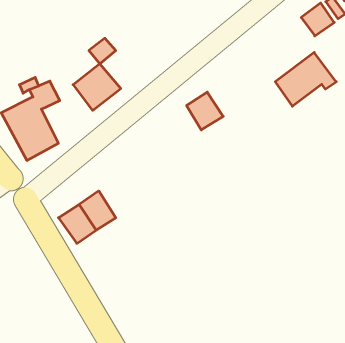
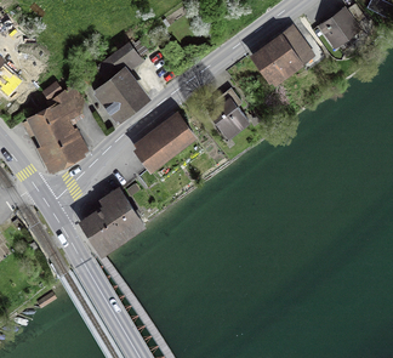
building: [275,52,336,106] -> [255,30,315,84]
building: none -> [136,118,192,167]

